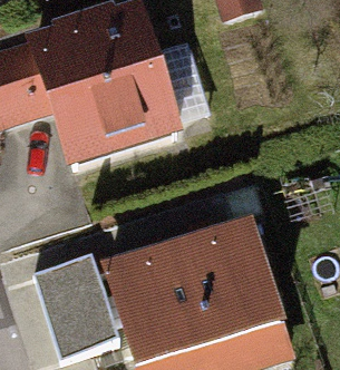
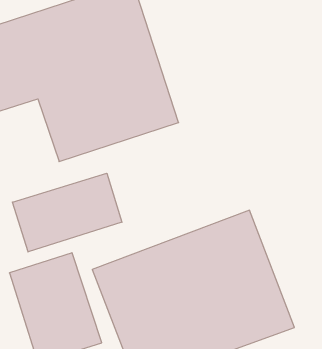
building: none -> [12,173,122,252]

